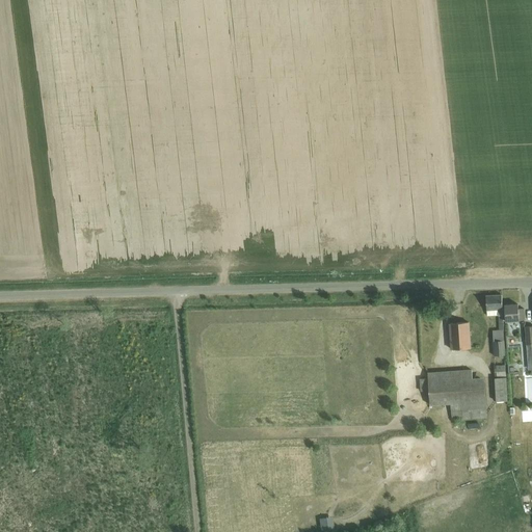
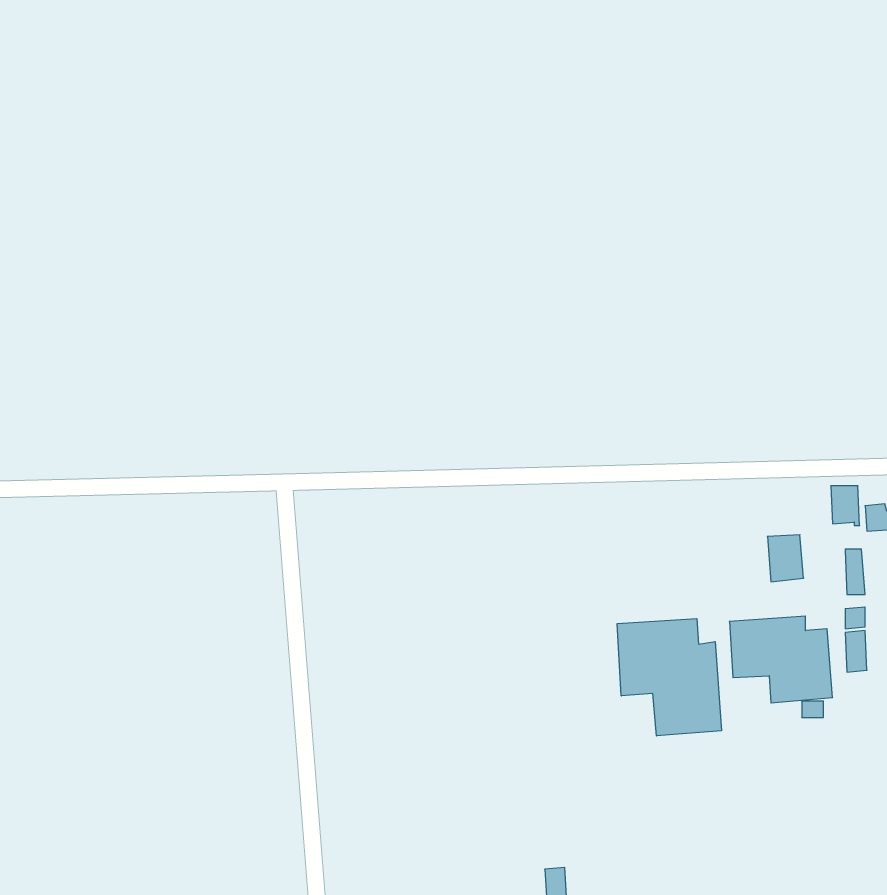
building: none -> [617,619,721,736]

